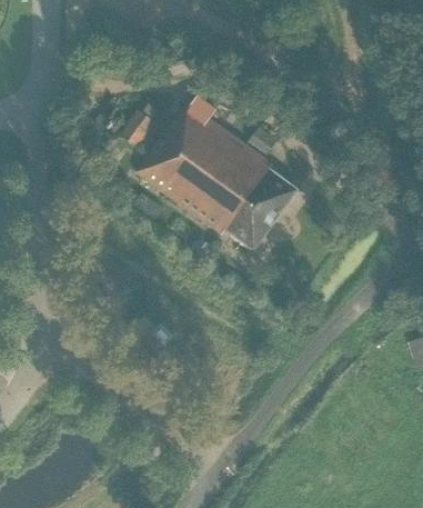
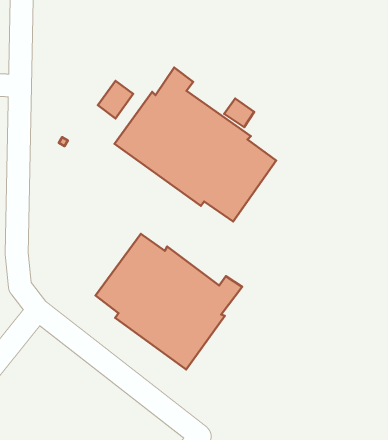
building: none -> [95,234,242,369]

